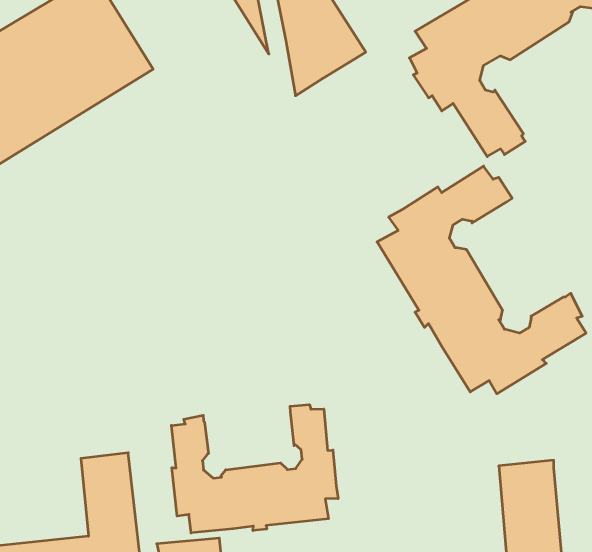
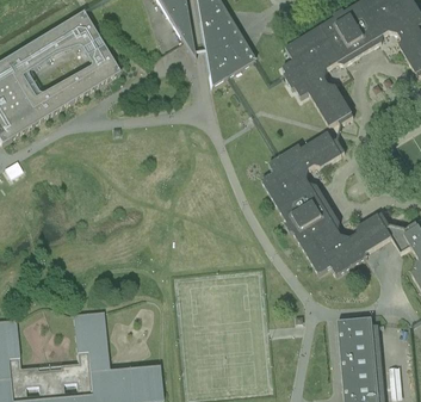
building: [171,405,338,533] -> none

